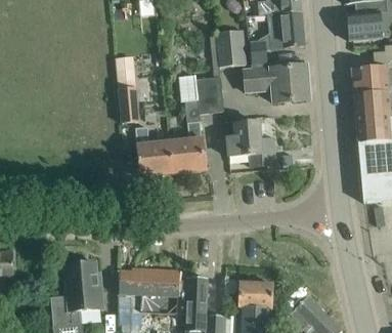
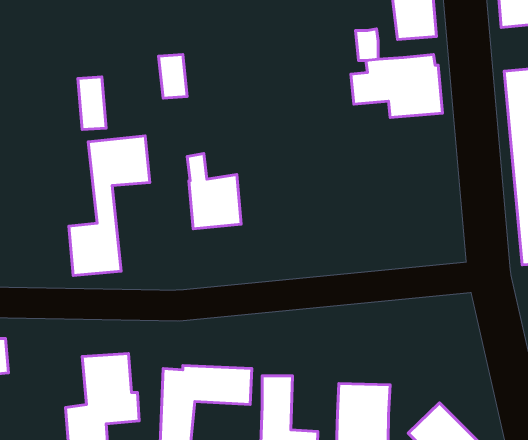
building: [217,32,249,69] -> none
building: [169,78,224,173] -> [69,136,150,276]
building: [119,86,138,122] -> [78,77,106,130]
building: [226,121,275,167] -> none

